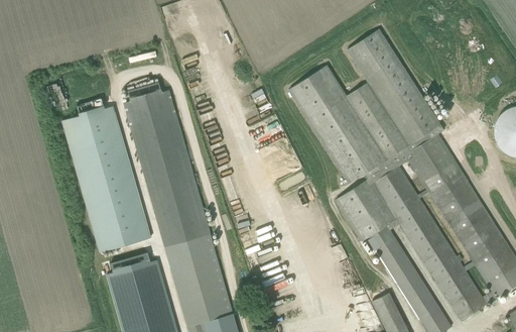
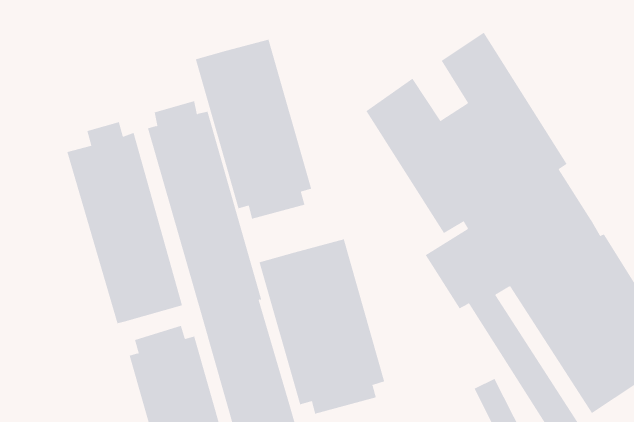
building: none -> [195,39,312,219]
building: none -> [259,238,385,414]

